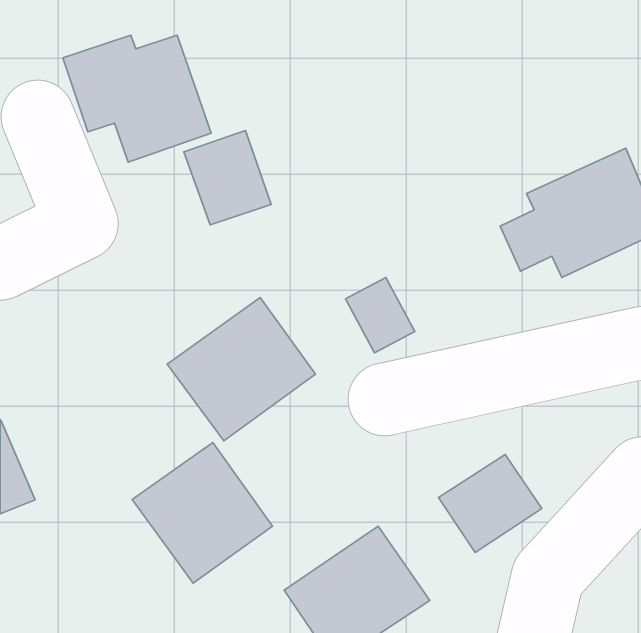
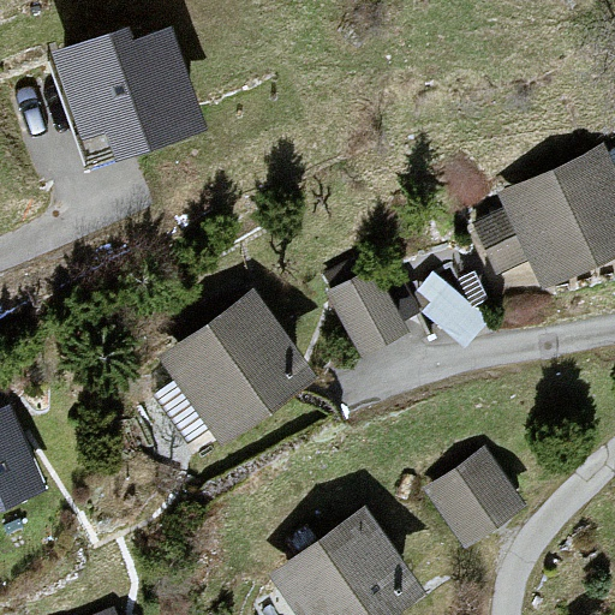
building: [184,130,271,225] -> none
building: [132,443,273,583] -> none

